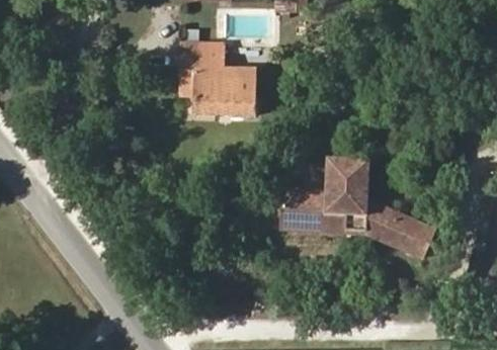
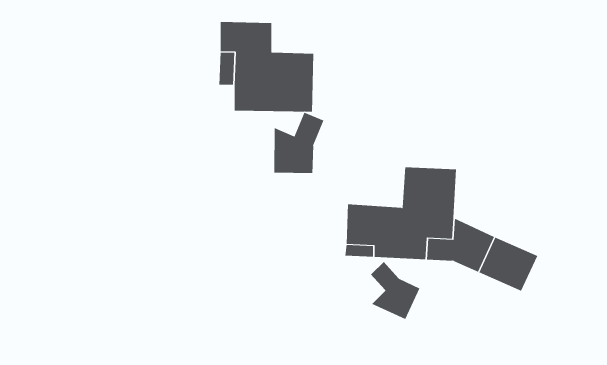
building: none -> [274,112,324,174]
building: none -> [370,261,420,320]

